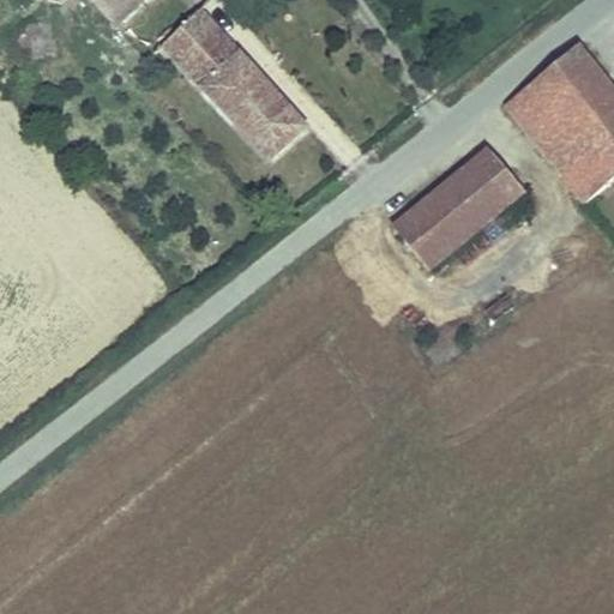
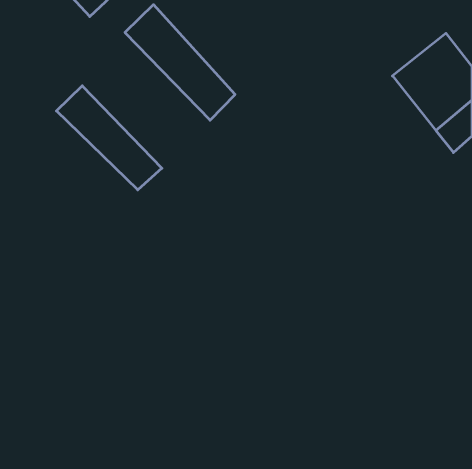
building: none -> [56,86,162,190]
building: [393,146,524,267] -> none

